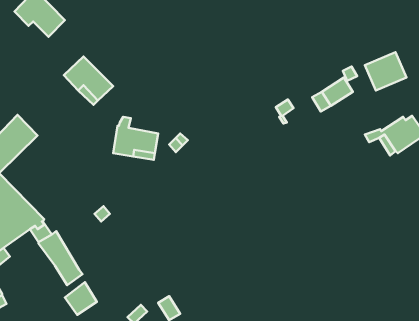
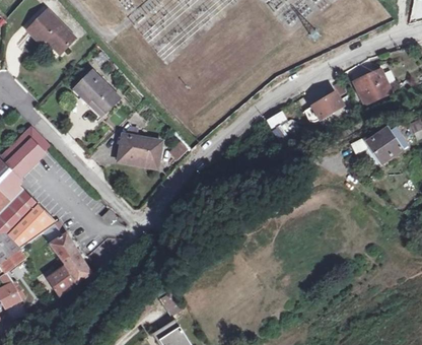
building: [65,282,97,315] -> [48,264,77,294]

